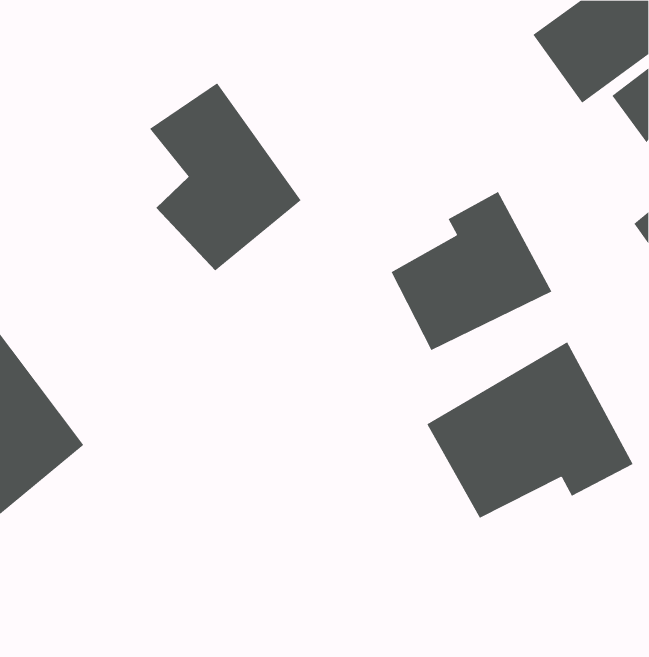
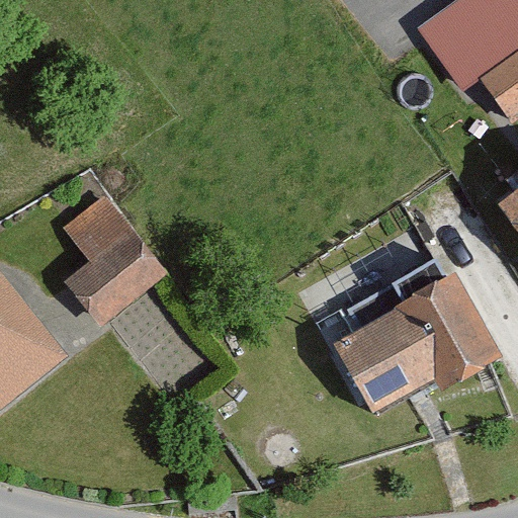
building: [149,82,302,271] -> [49,168,168,316]
building: [391,191,552,351] -> none

